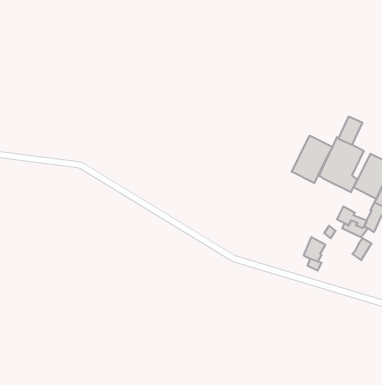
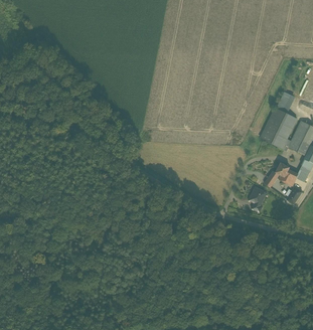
building: [292,136,332,183] -> none

